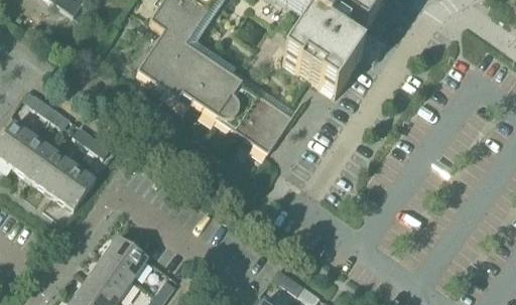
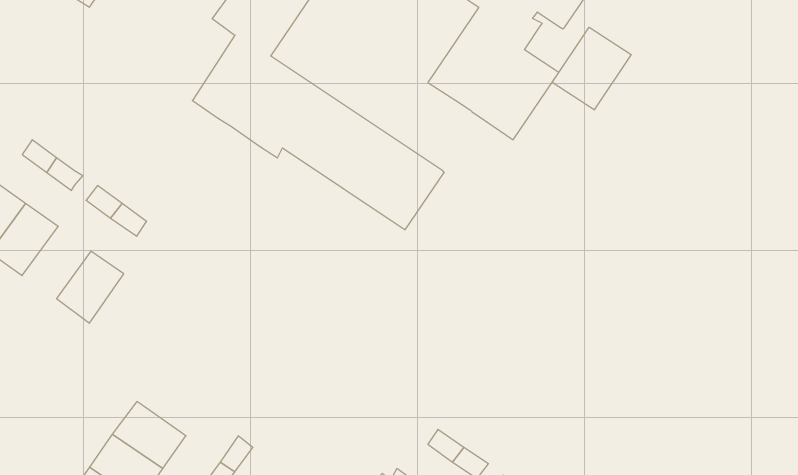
building: none -> [552,27,631,110]
building: [32,151,75,195] -> none
building: [103,239,147,280] -> none

